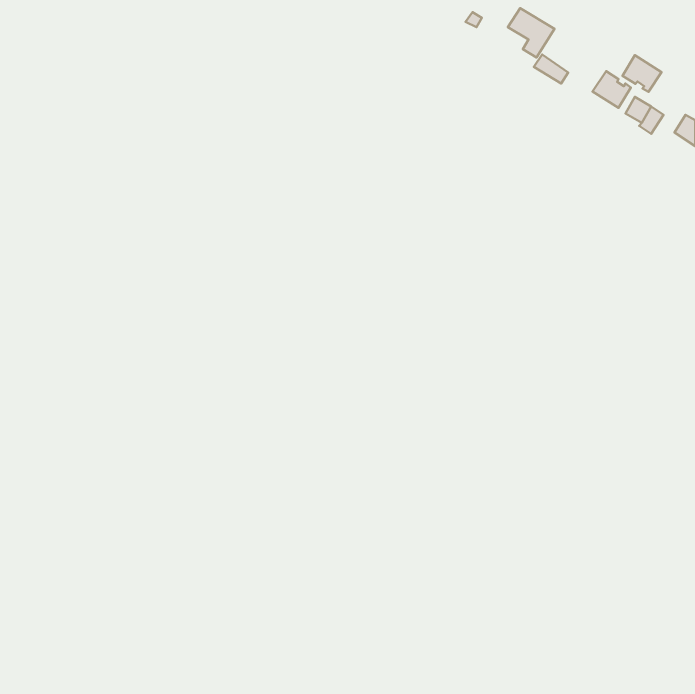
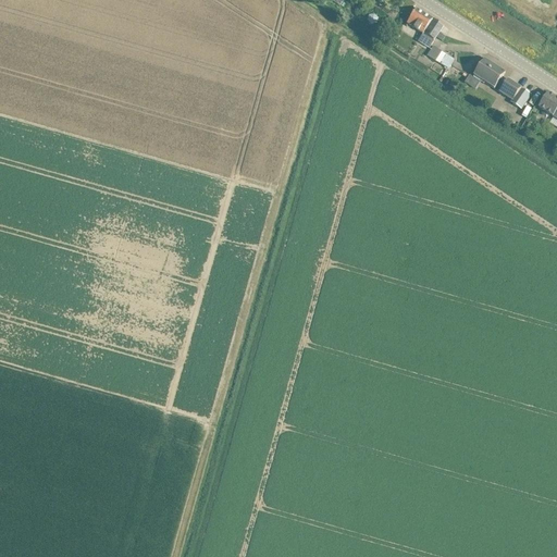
building: [622,55,662,92] -> none

